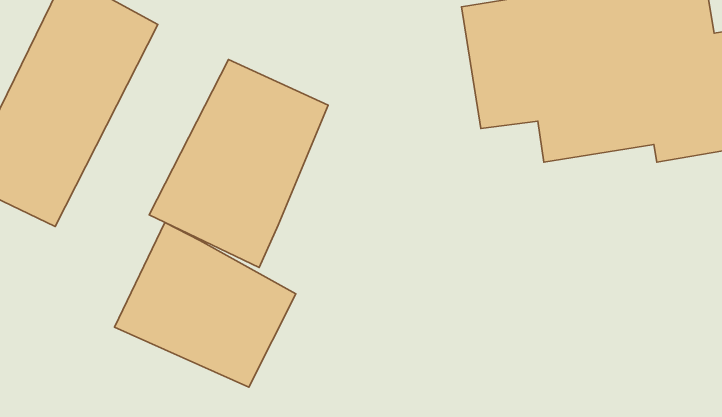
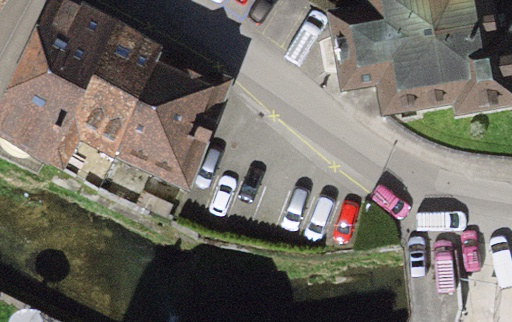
building: none -> [50,25,168,171]
building: [115,222,296,387] -> none

